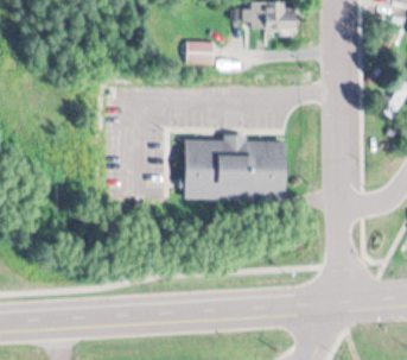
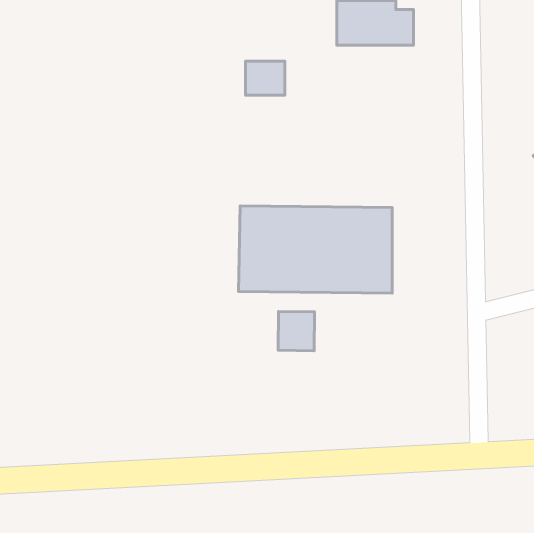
building: none -> [278,311,315,351]

